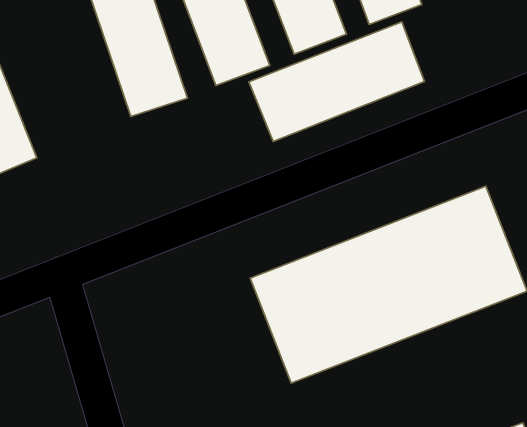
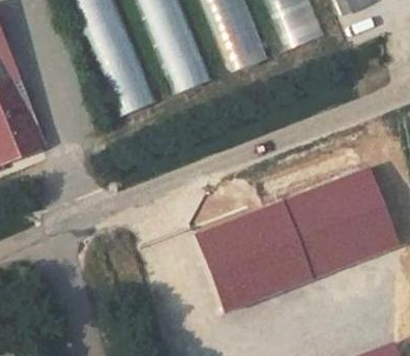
building: [249,22,425,142] -> none

